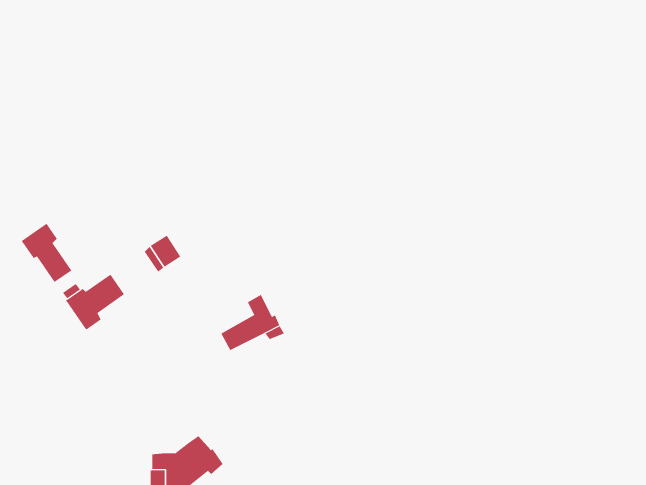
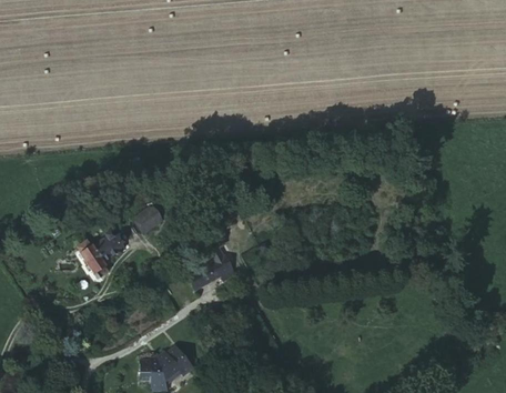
building: [21,223,72,283] -> none

